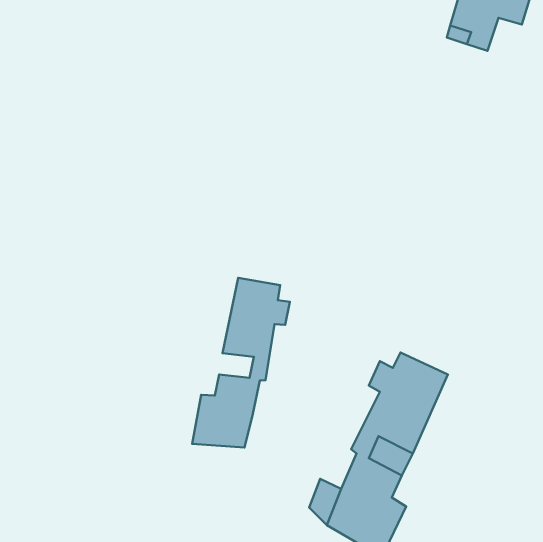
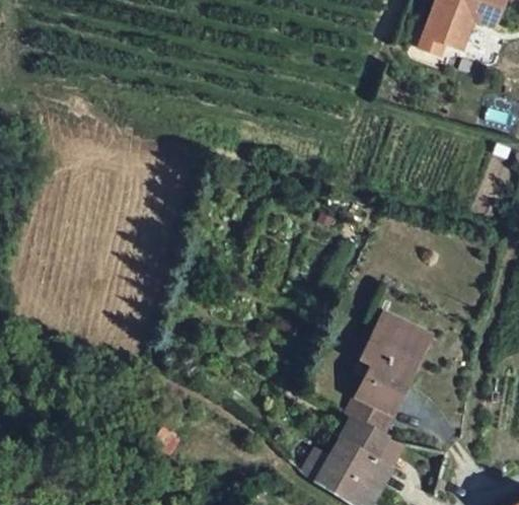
building: [192,278,290,447] -> none
building: none -> [367,308,435,347]

